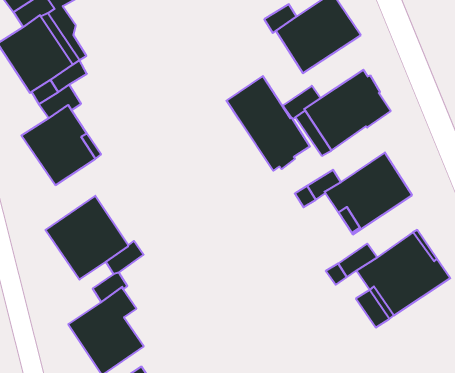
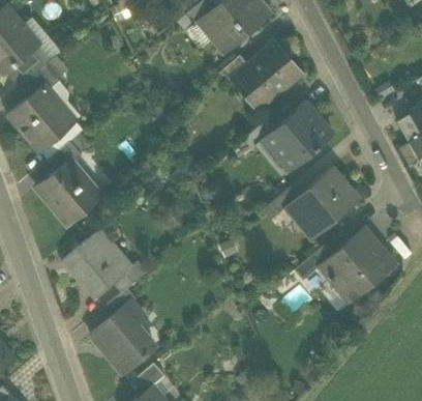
building: [226,76,310,171] -> none

